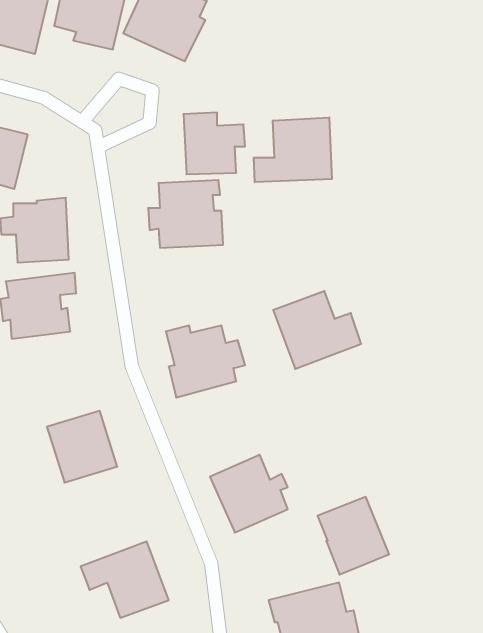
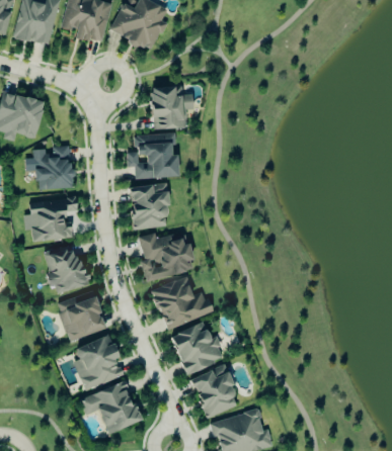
building: [254,117,332,182] -> none
building: none -> [130,182,170,230]
building: [273,291,361,369] -> [151,276,212,330]
building: none -> [44,244,86,292]
building: none -> [74,335,124,389]
building: [317,497,389,575] -> [190,365,240,419]

